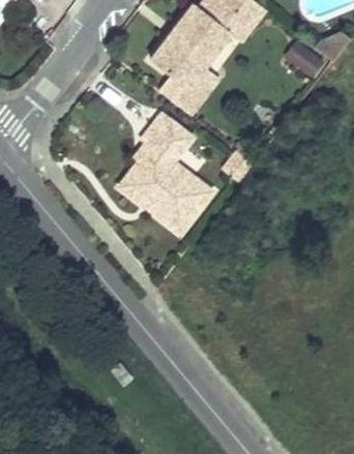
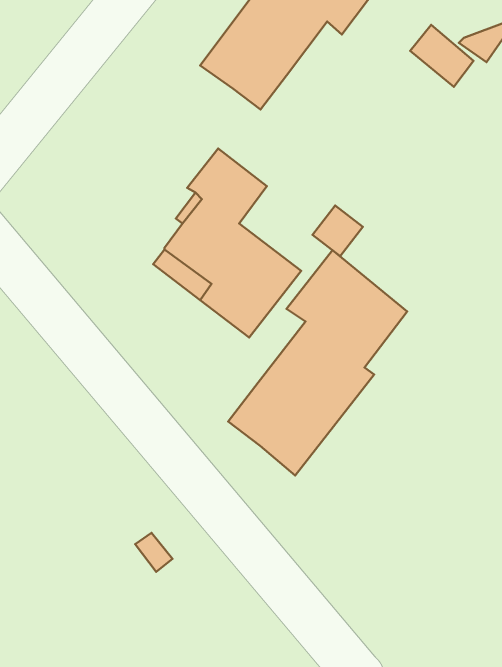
building: [159,68,219,117] -> none
building: none -> [228,250,407,475]

